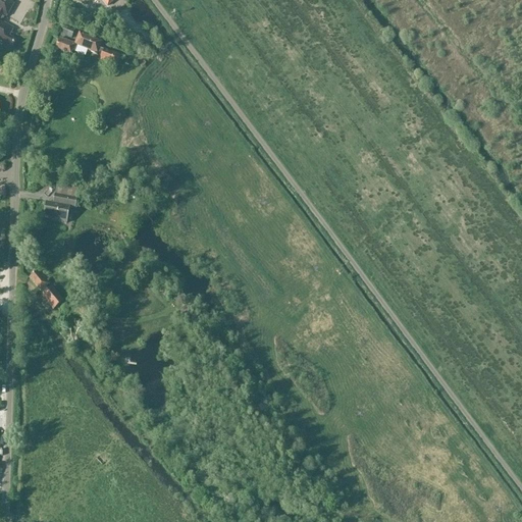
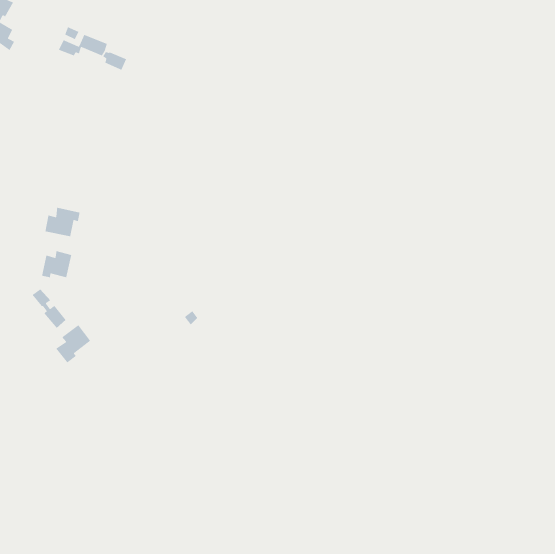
building: none -> [41,250,72,278]
building: none -> [55,324,91,364]

